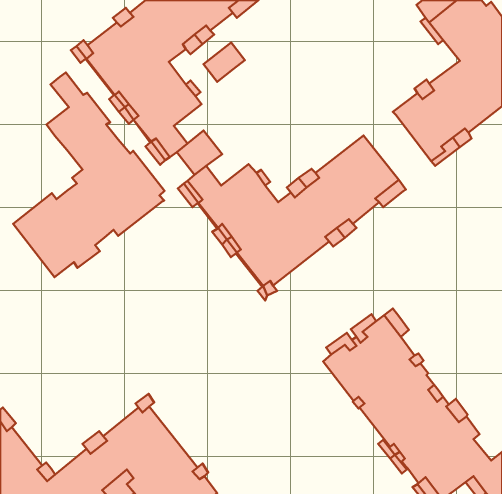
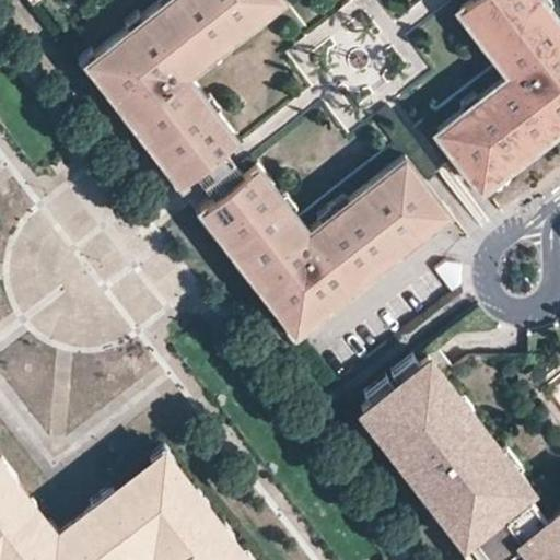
building: [204,43,245,82] -> [194,125,240,168]
building: [13,73,165,277] -> none
building: none -> [230,171,277,215]

